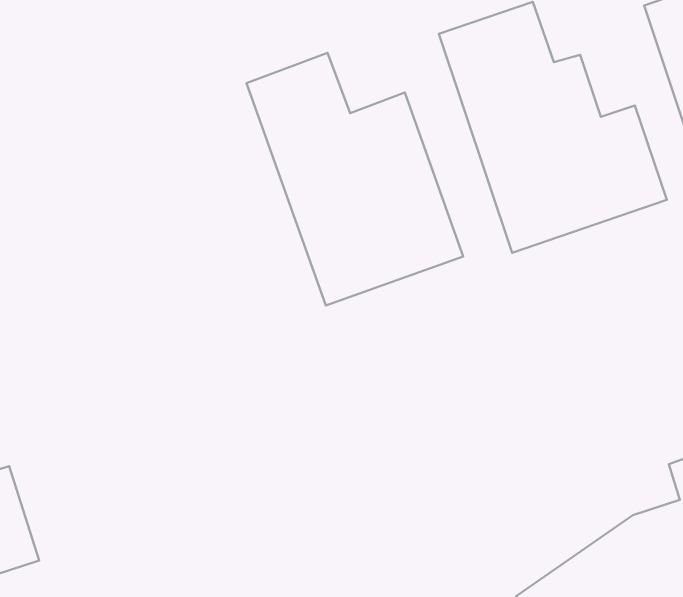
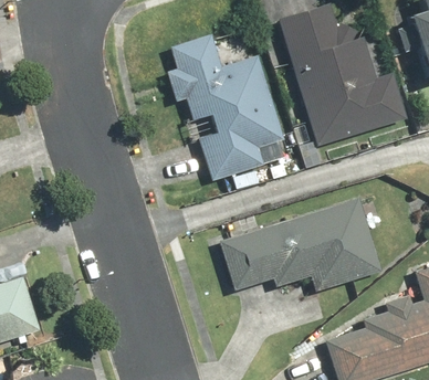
building: none -> [217,193,385,293]

